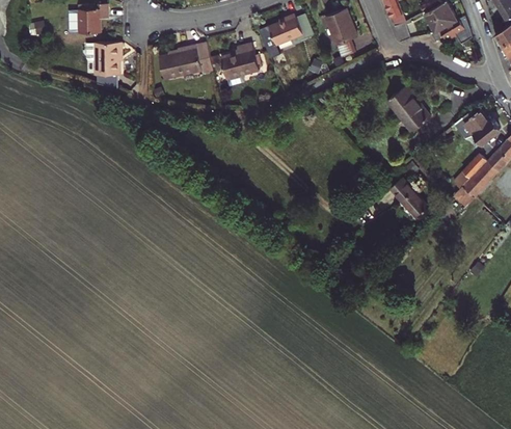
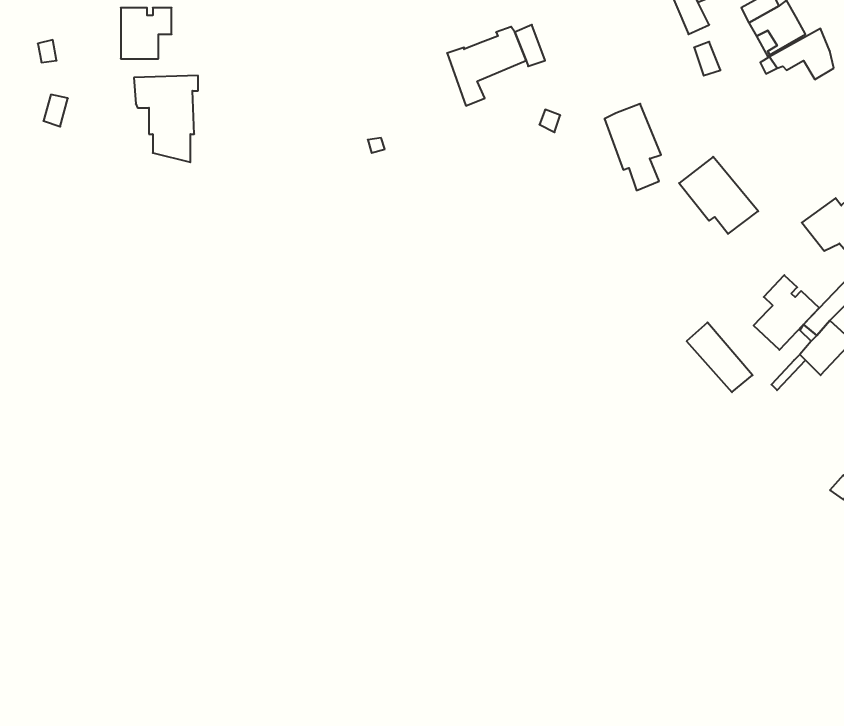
building: [325,9,356,57] -> [604,104,661,190]
building: [159,44,212,79] -> none
building: [220,45,259,79] -> none
building: none -> [754,275,819,350]

